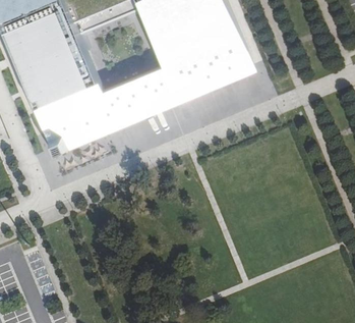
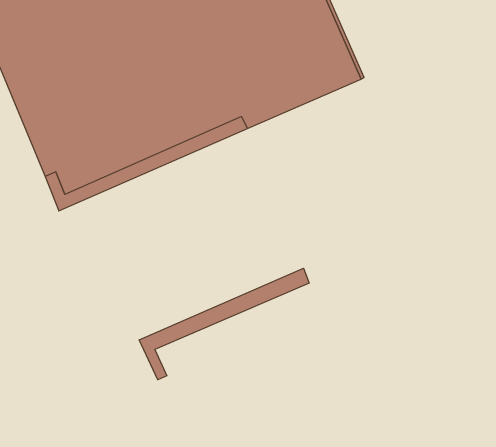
building: none -> [139,268,309,380]

